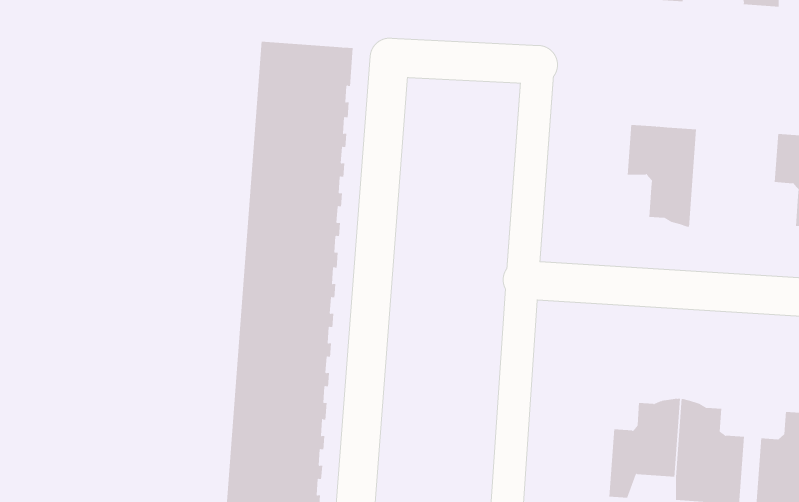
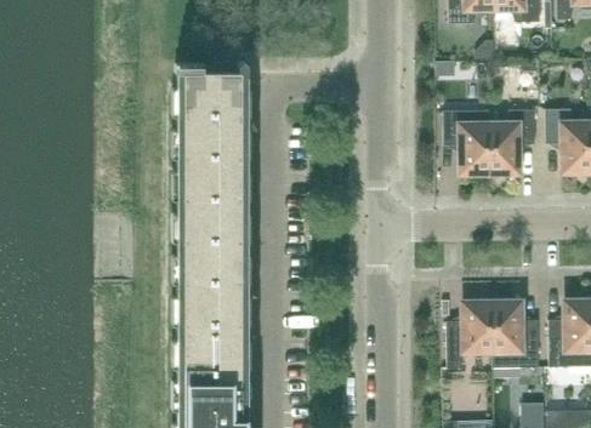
building: none -> [490,108,536,176]

